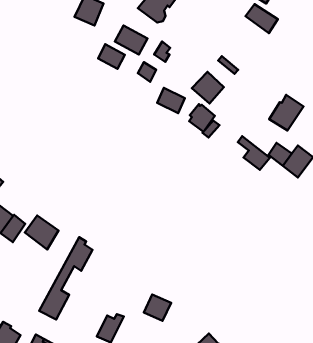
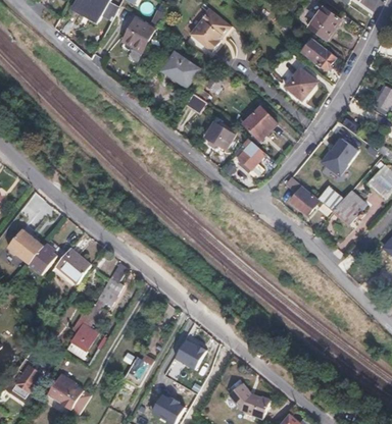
building: none -> [283,66,315,101]
building: [98,44,125,69] -> none

